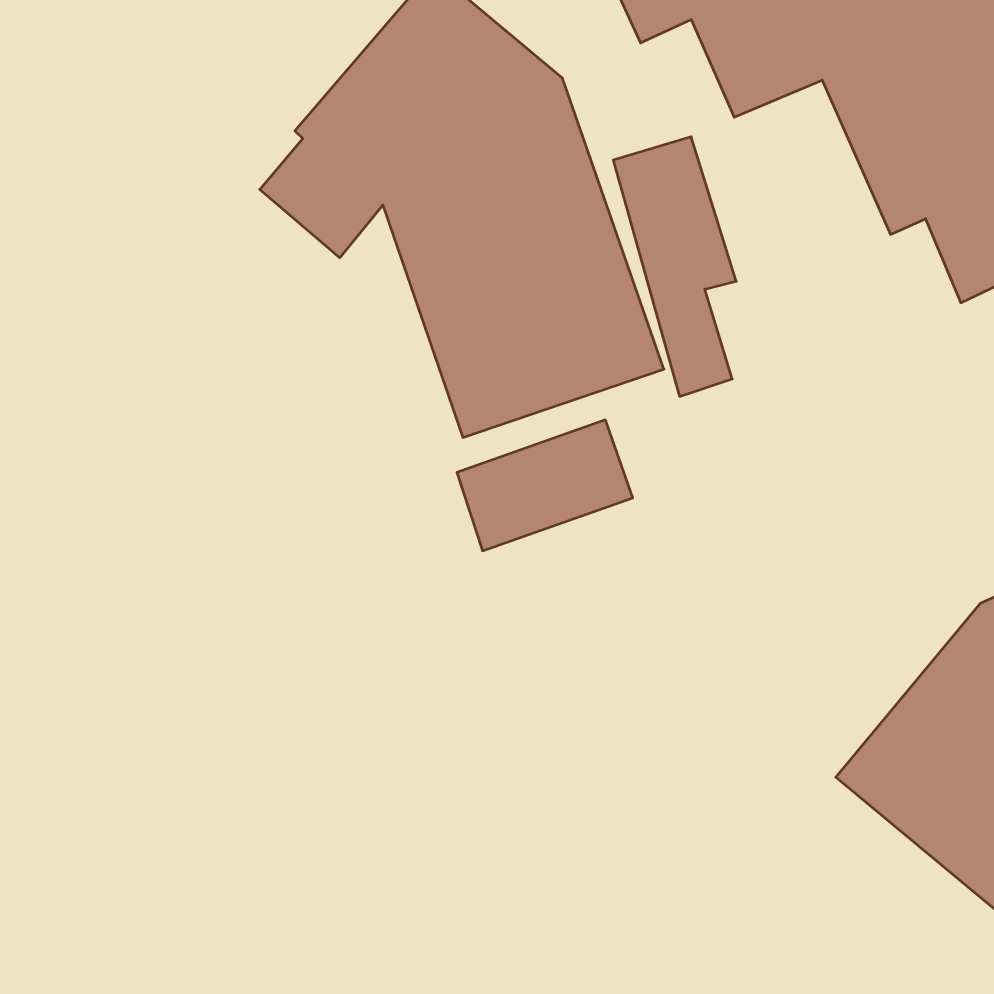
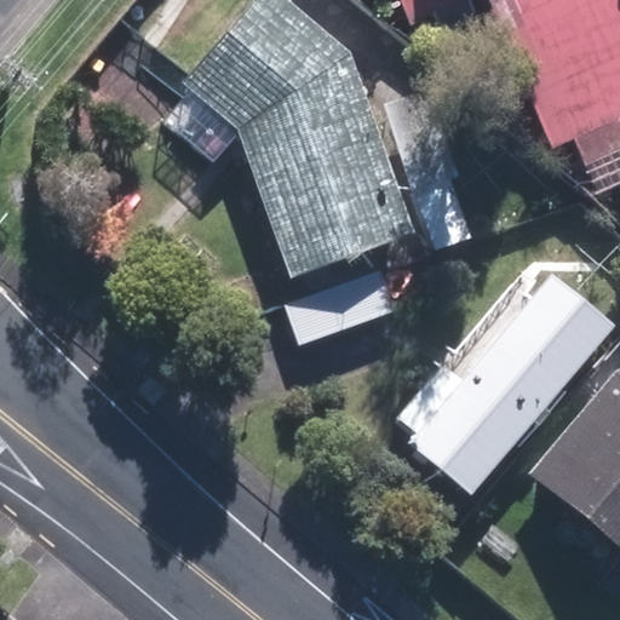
building: none -> [409,271,612,492]

